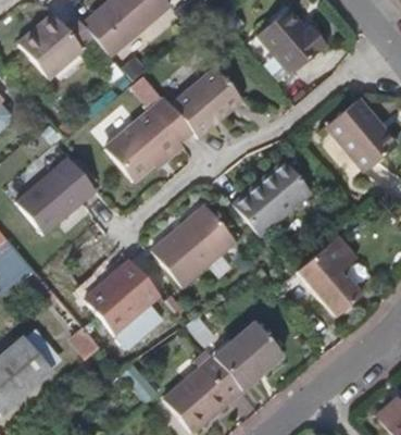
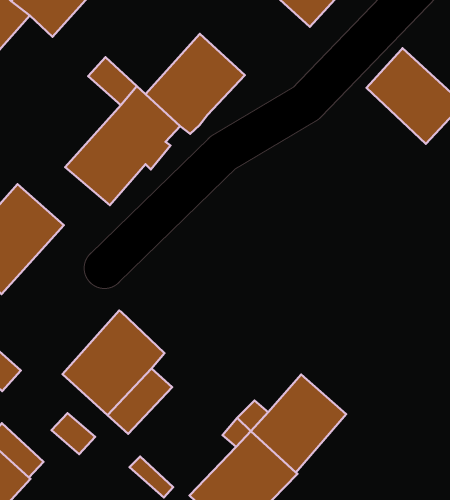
building: [231,159,313,238] -> none
building: [151,202,236,285] -> none
building: [291,240,358,323] -> none

